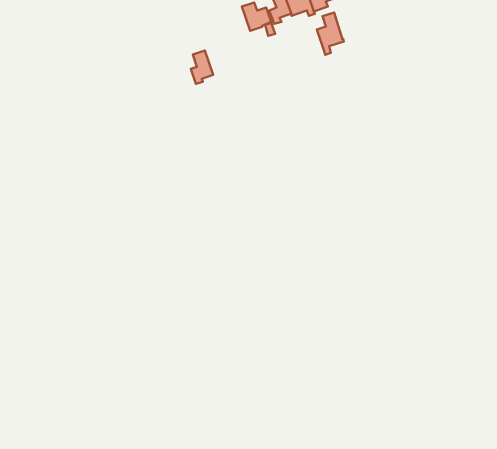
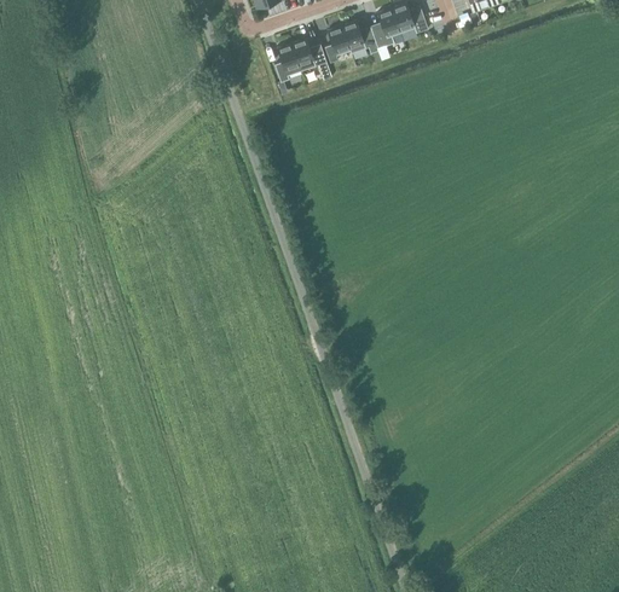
building: [317,12,344,55] -> none
building: [191,50,213,84] -> [274,41,301,81]

